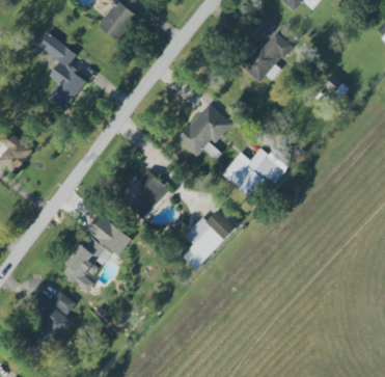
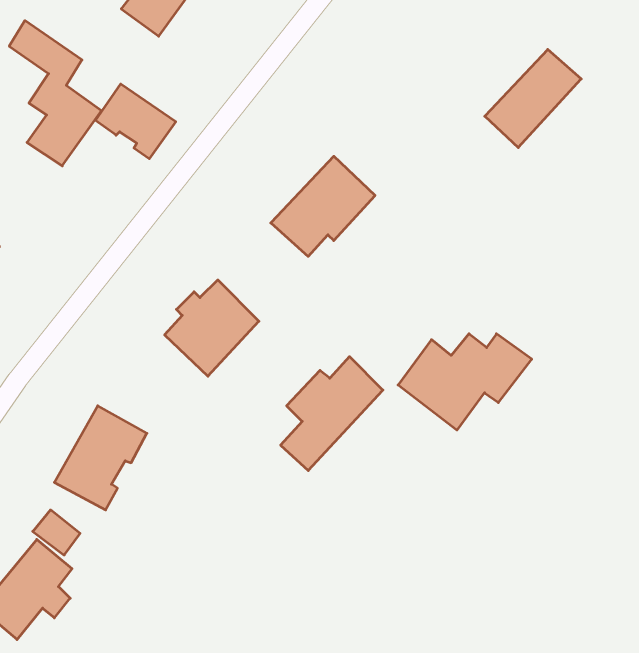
building: [242,30,293,82] -> [485,49,581,148]
building: none -> [96,84,176,159]
building: [222,147,293,198] -> [398,334,532,430]
building: [95,220,132,254] -> none

